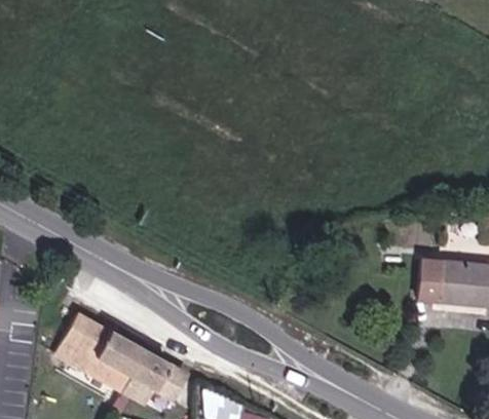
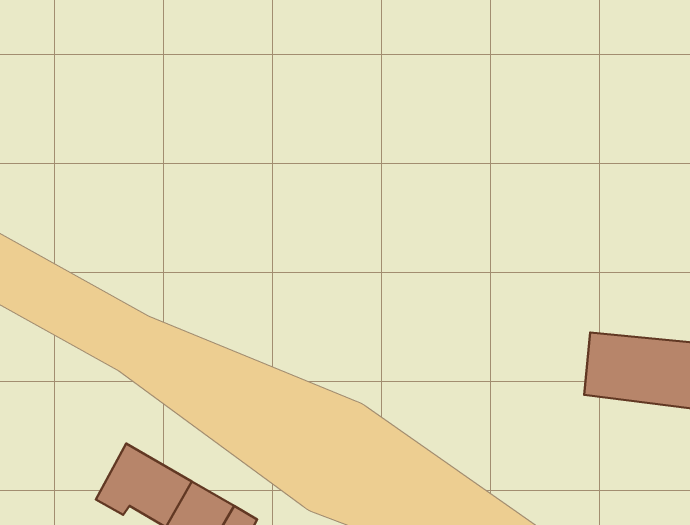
building: [53,314,100,369] -> none

